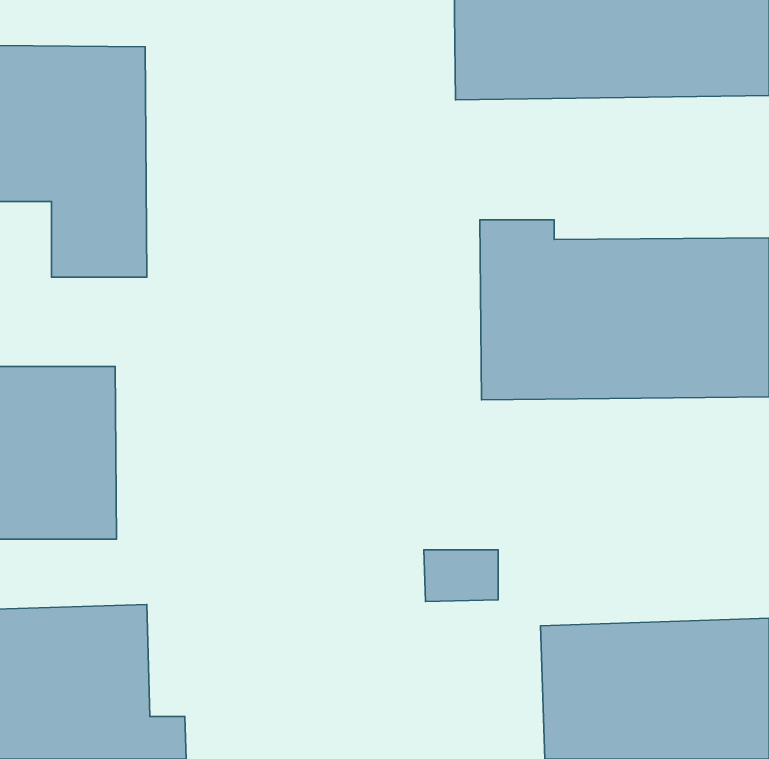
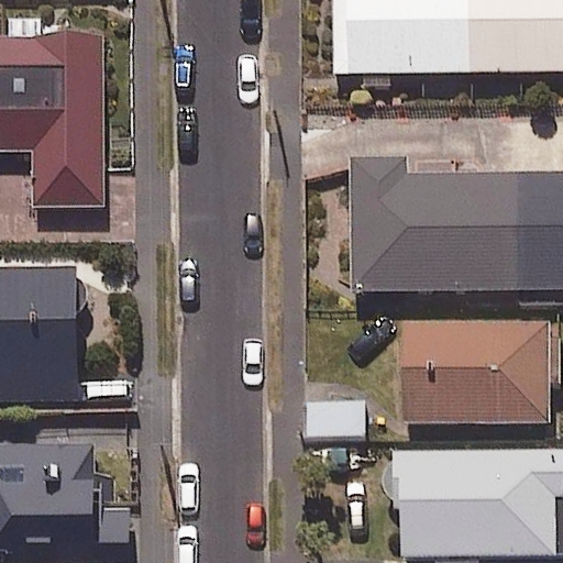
building: none -> [400,325,551,424]

